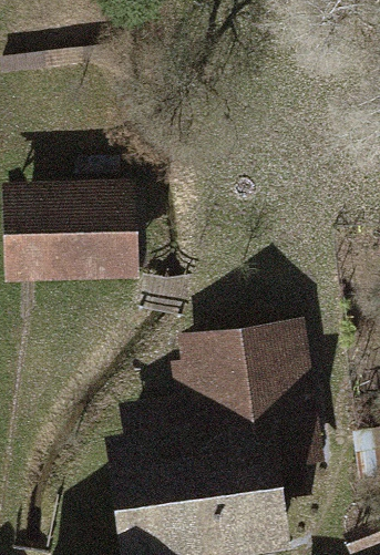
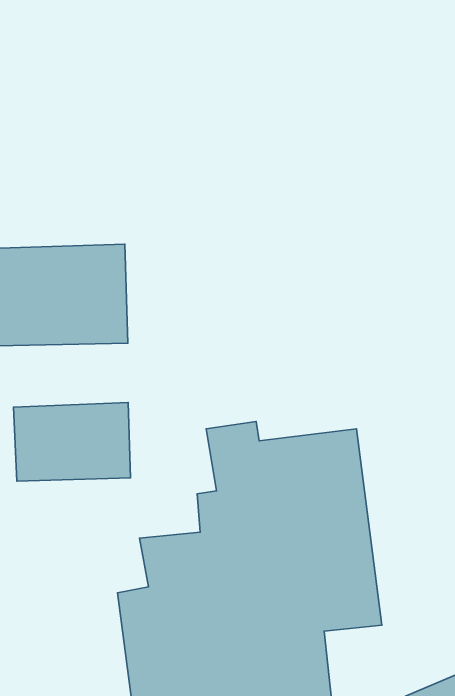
building: none -> [13,403,130,481]

